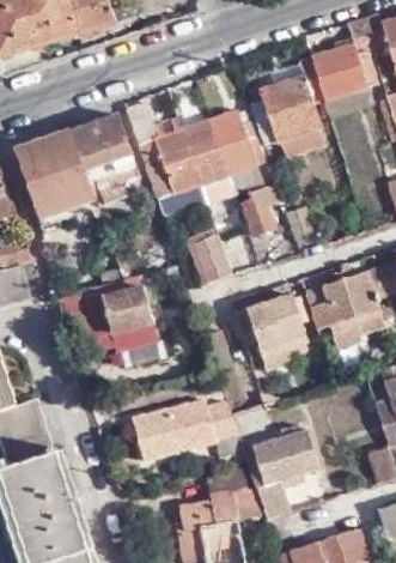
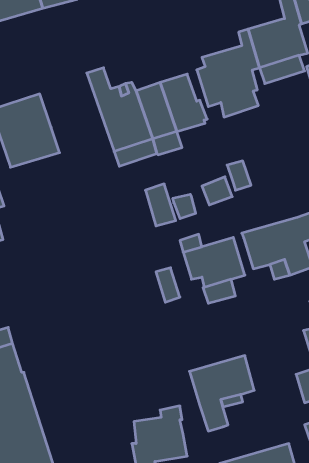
building: [73,115,133,169] -> none
building: [243,182,279,232] -> none
building: [61,286,159,352] -> none
building: [134,399,238,460] -> none
building: [207,466,262,520] -> none

